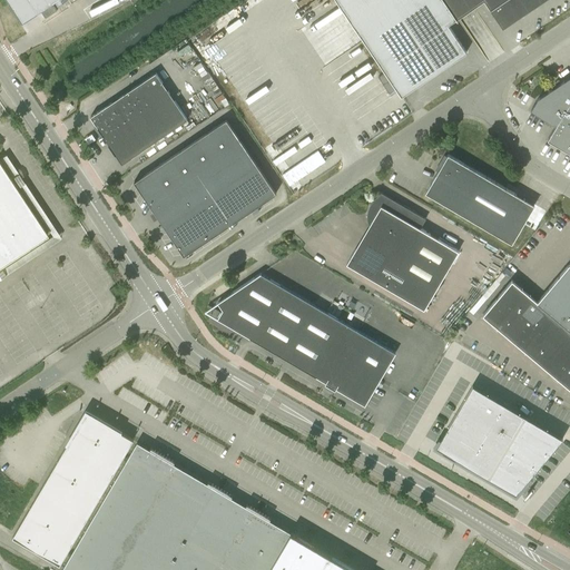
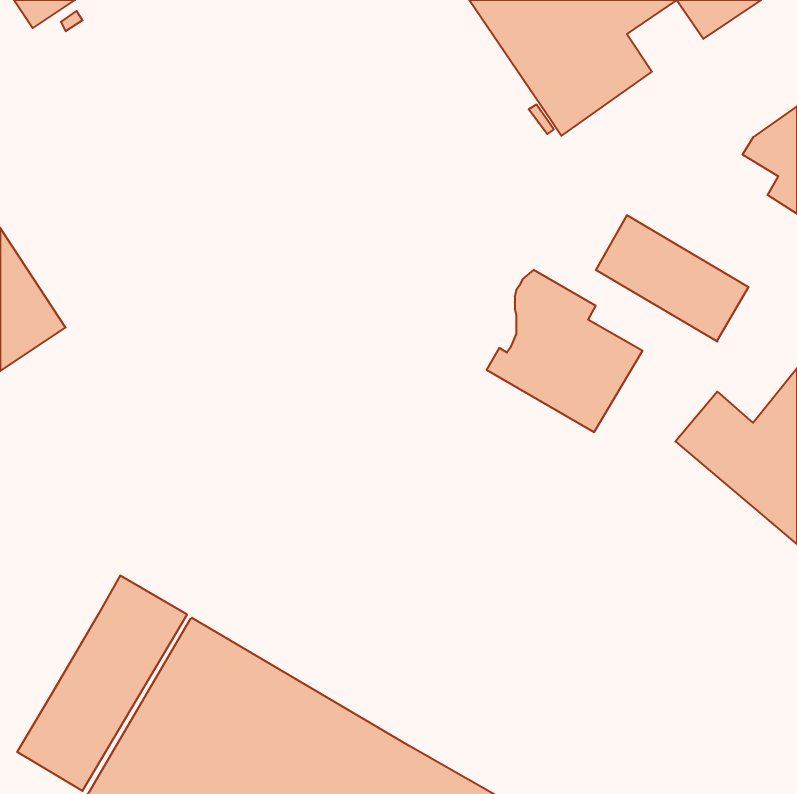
building: [90,75,187,166] -> none
building: [134,121,276,257] -> none
building: [217,275,395,407] -> none
building: [436,386,563,497] -> none

